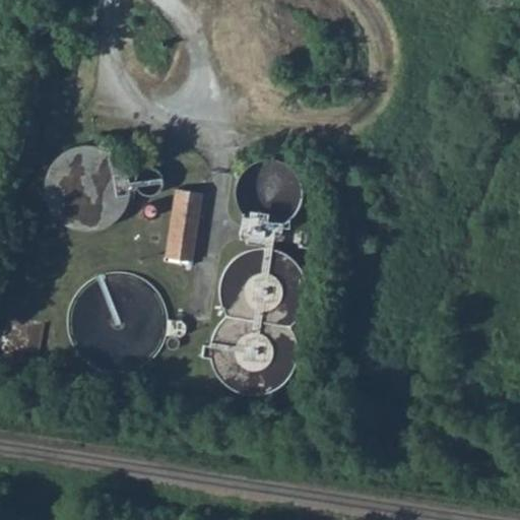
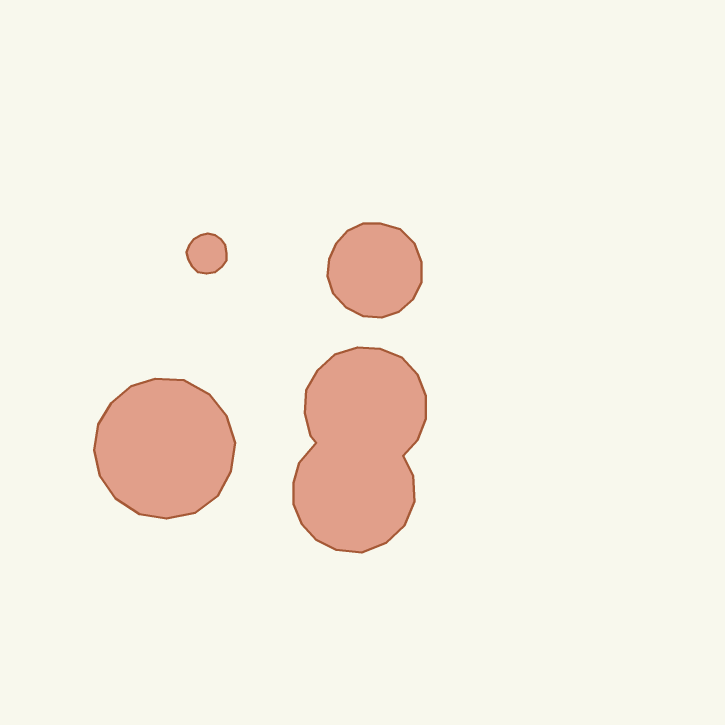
building: [46,144,131,230] -> none
building: [162,186,206,264] -> none

